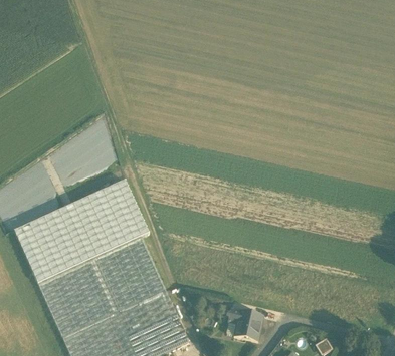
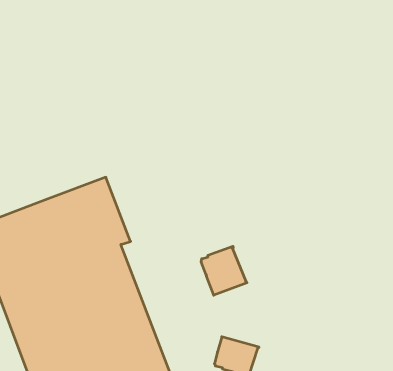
building: none -> [201,246,247,295]

